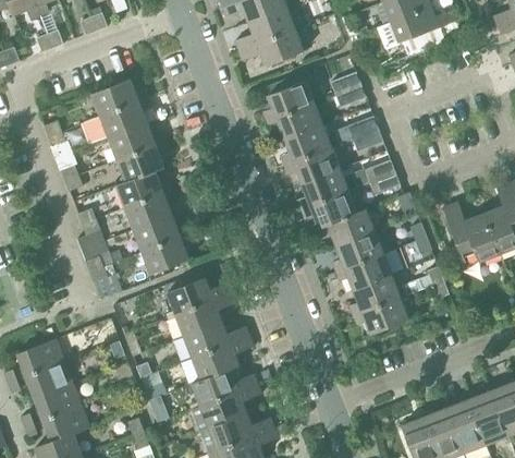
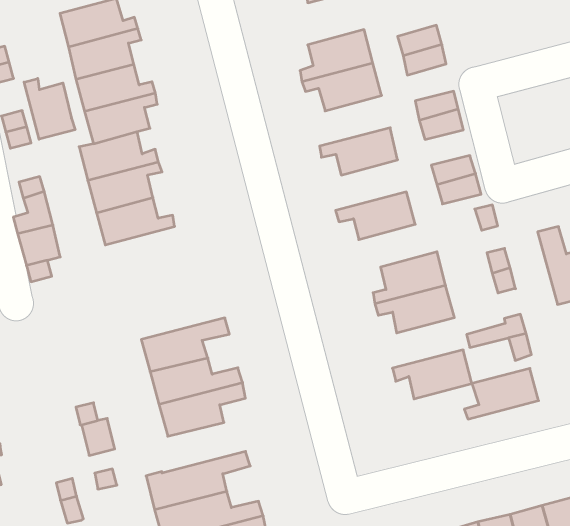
building: [281,125,332,166] -> none
building: none -> [24,78,75,139]
building: [298,169,348,209] -> none
building: [319,209,375,245] -> none
building: [143,233,193,274] -> none
building: [350,275,401,315] -> [464,368,539,419]
building: [167,278,232,315] -> none
building: [192,366,257,407] -> none

